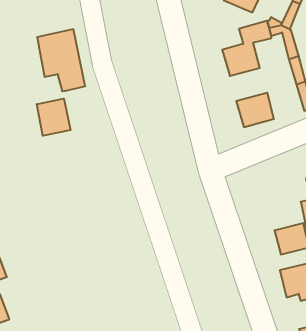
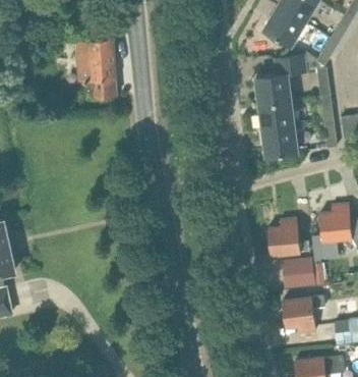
building: none -> [259,101,294,130]
building: [37,99,71,136] -> none
building: none -> [267,219,309,257]

